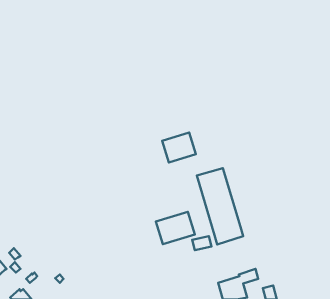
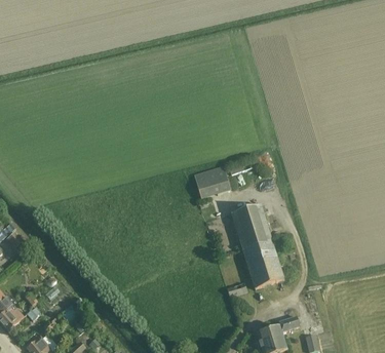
building: [156,212,195,244] -> none

